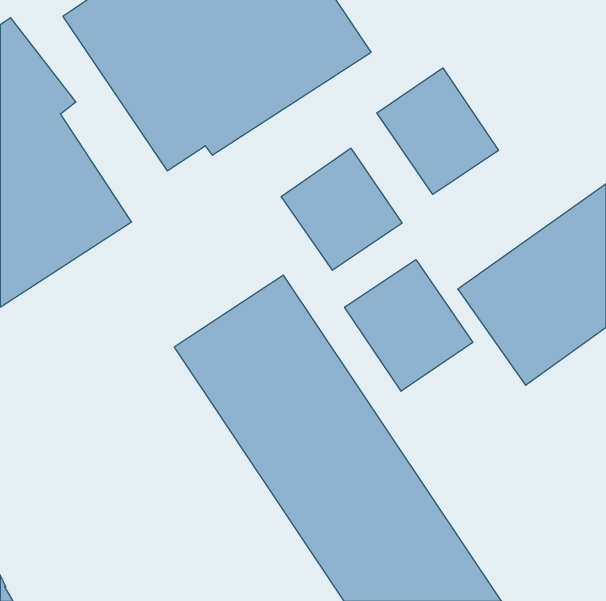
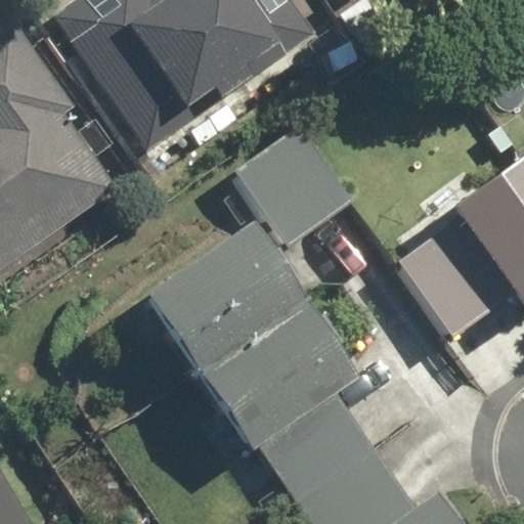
building: [377,68,498,194] -> none
building: [345,260,473,391] -> none

